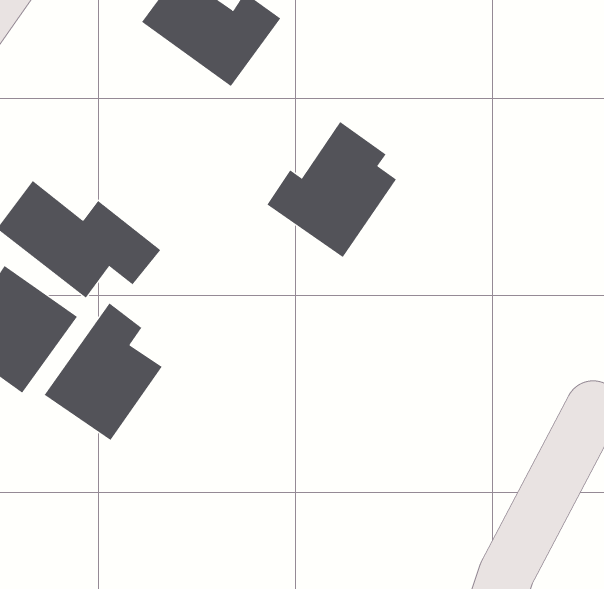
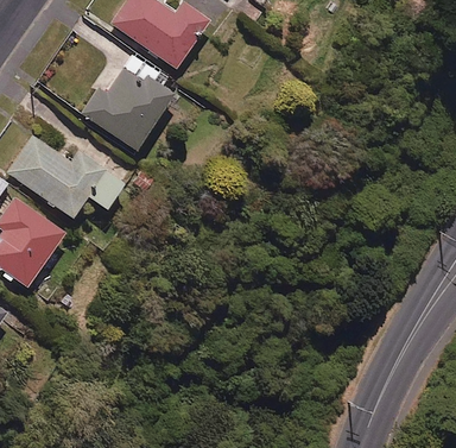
building: [267,121,397,258] -> [82,53,175,151]
building: [44,302,163,441] -> none

